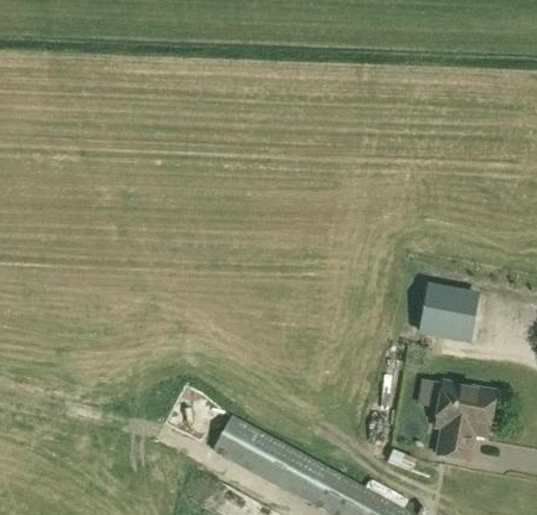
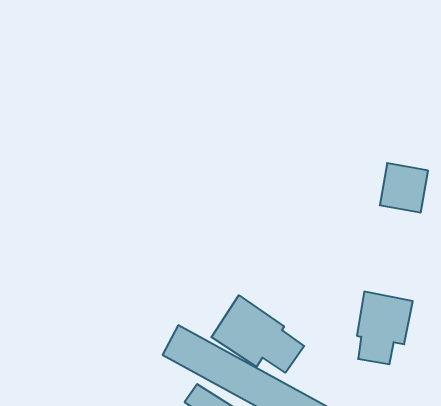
building: [420,284,475,340] -> [380,163,428,213]
building: none -> [211,295,304,373]

